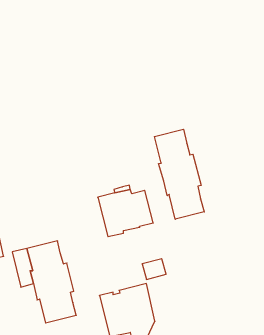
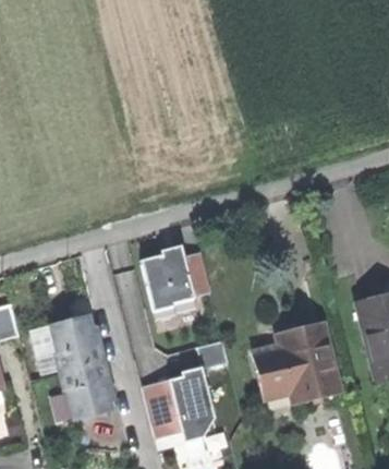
building: [154,129,204,219] -> none
building: none -> [253,324,341,406]

